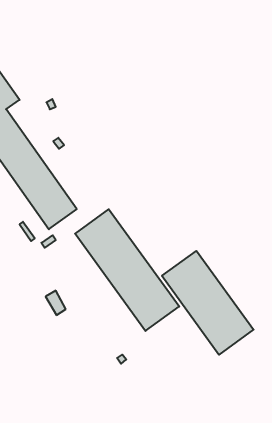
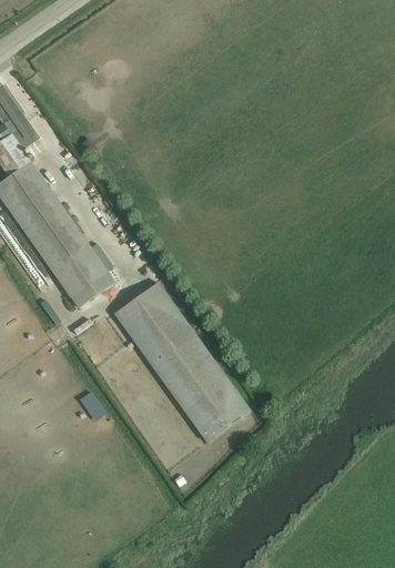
building: [162,251,254,355] -> none

